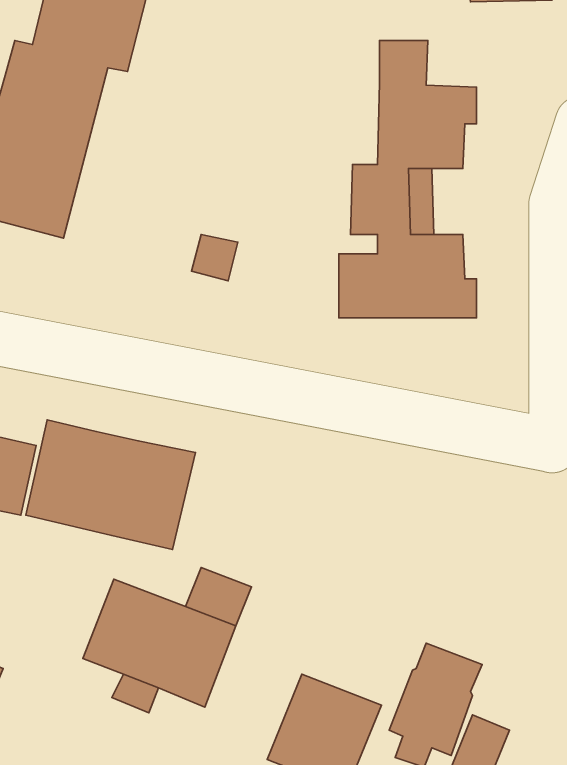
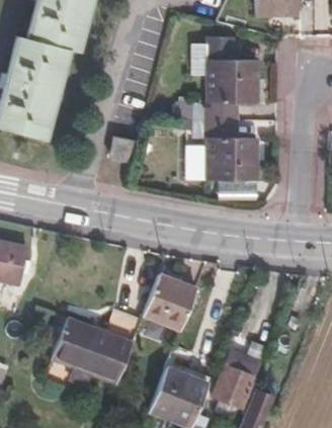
building: [26,420,195,549] -> none
building: none -> [143,273,197,330]

